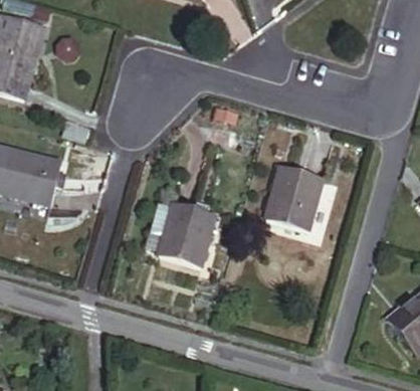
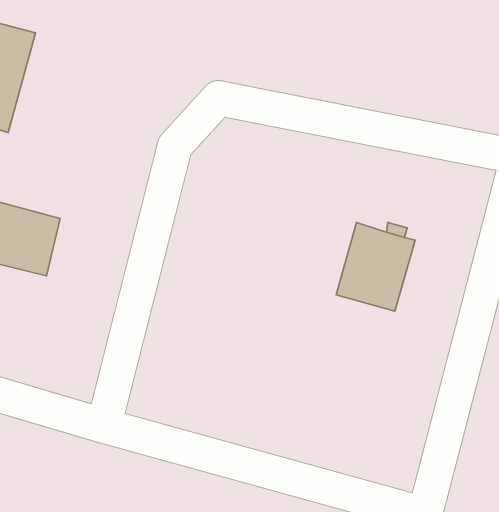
building: [151,201,216,266] -> none

